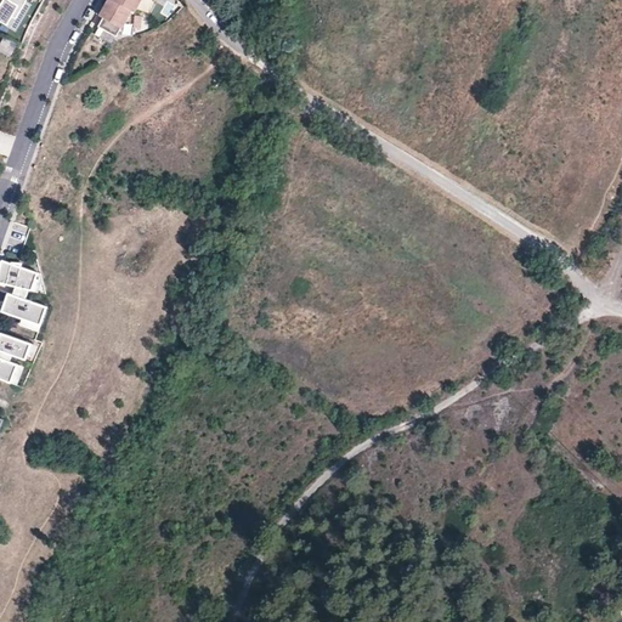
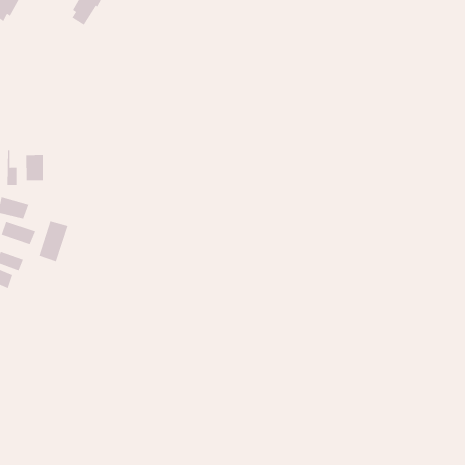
building: none -> [26,154,43,181]
building: none -> [39,221,68,262]

